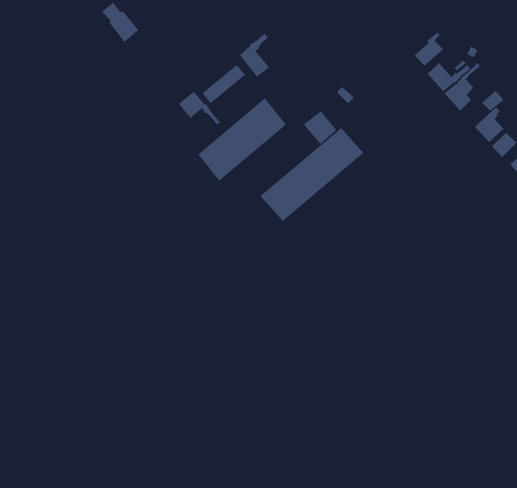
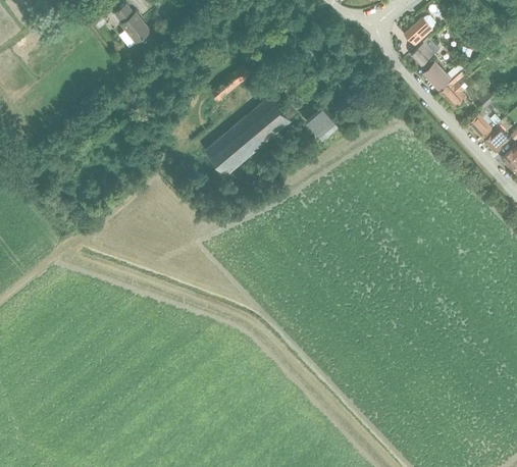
building: none -> [404,16,435,47]
building: [239,33,270,77] -> none
building: [178,91,220,125] -> none
building: [260,127,364,222] -> none

